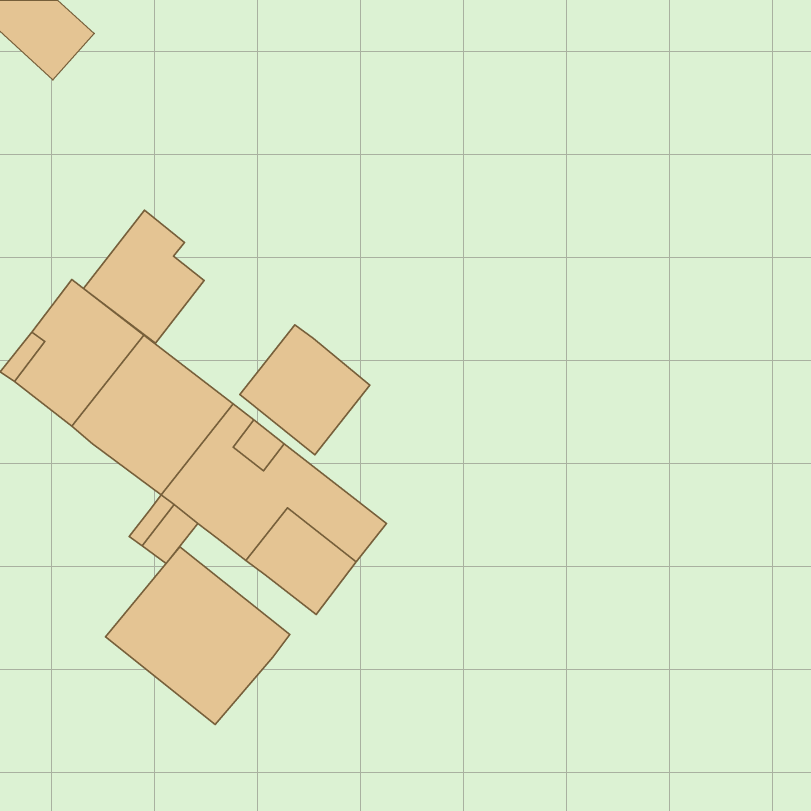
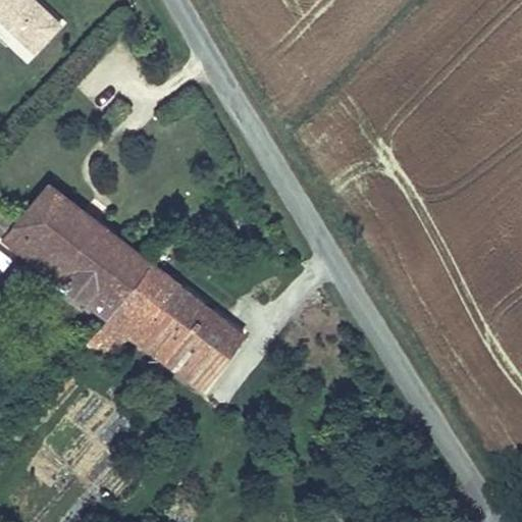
building: [83,210,204,343] -> none
building: [240,325,370,455] -> none
building: [106,547,290,725] -> none

